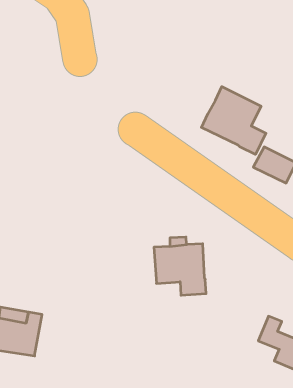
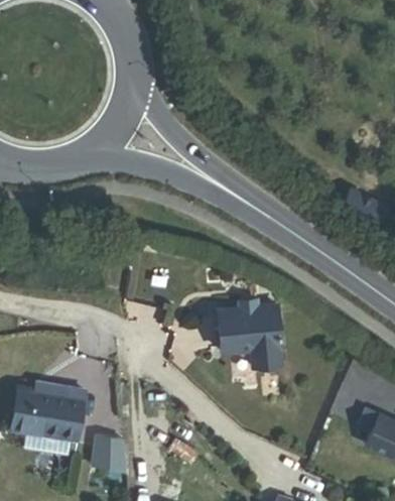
building: [201,87,266,154] -> none
building: none -> [94,435,128,468]

